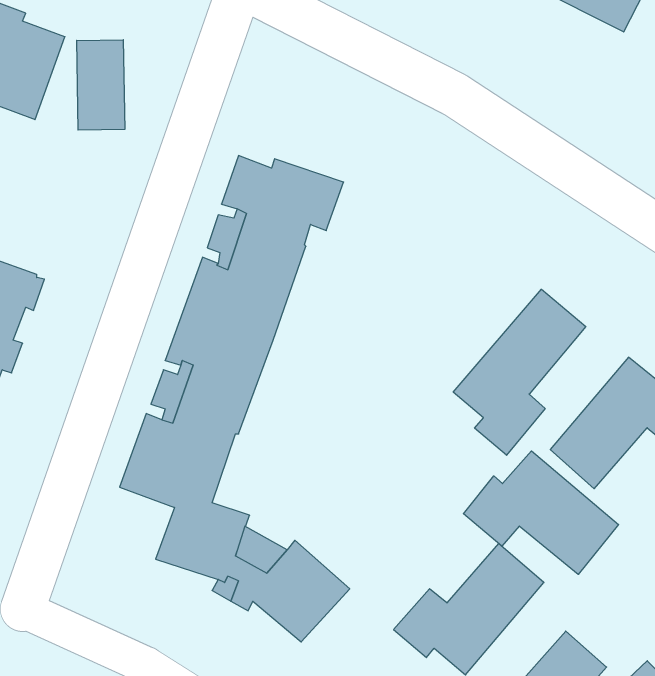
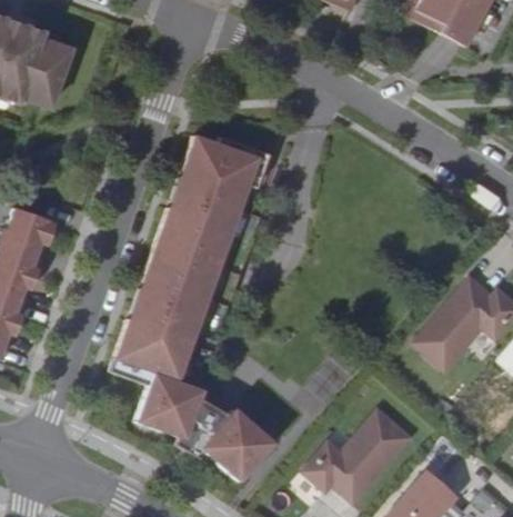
building: [77,40,125,130] -> none
building: [453,289,586,455] -> none
building: [463,451,619,574] -> none

